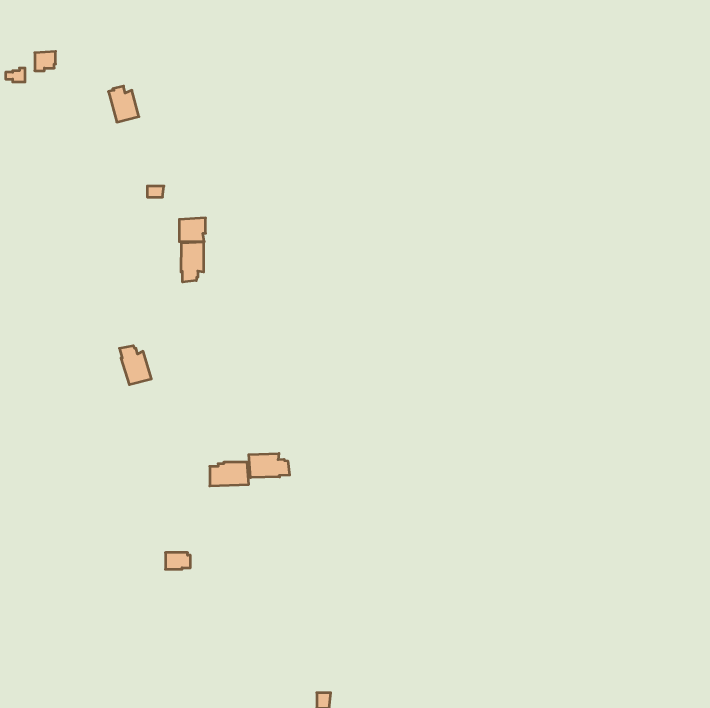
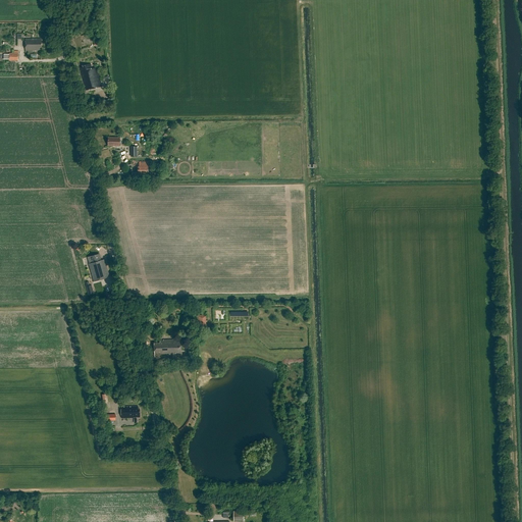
building: [181,242,204,282] -> none
building: [249,453,290,478] -> none

